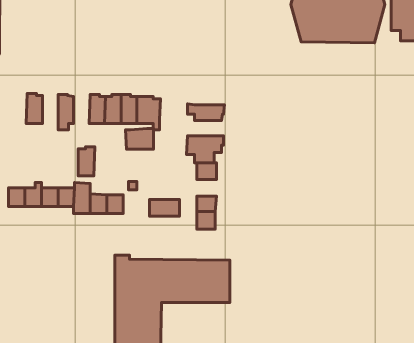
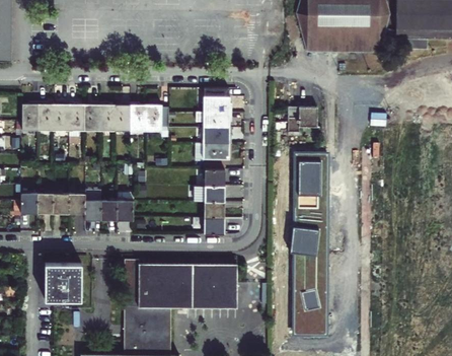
building: none -> [203,87,232,113]
building: none -> [21,101,39,131]
building: none -> [54,102,69,131]
building: none -> [288,106,317,132]
building: none -> [203,128,231,143]
building: [125,128,154,149] -> none
building: [78,147,95,176] -> [84,102,100,131]
building: none -> [289,154,327,335]
building: [150,200,180,216] -> [195,186,224,202]
building: none -> [45,264,81,300]

